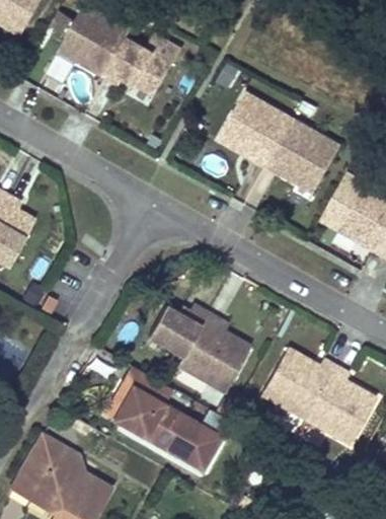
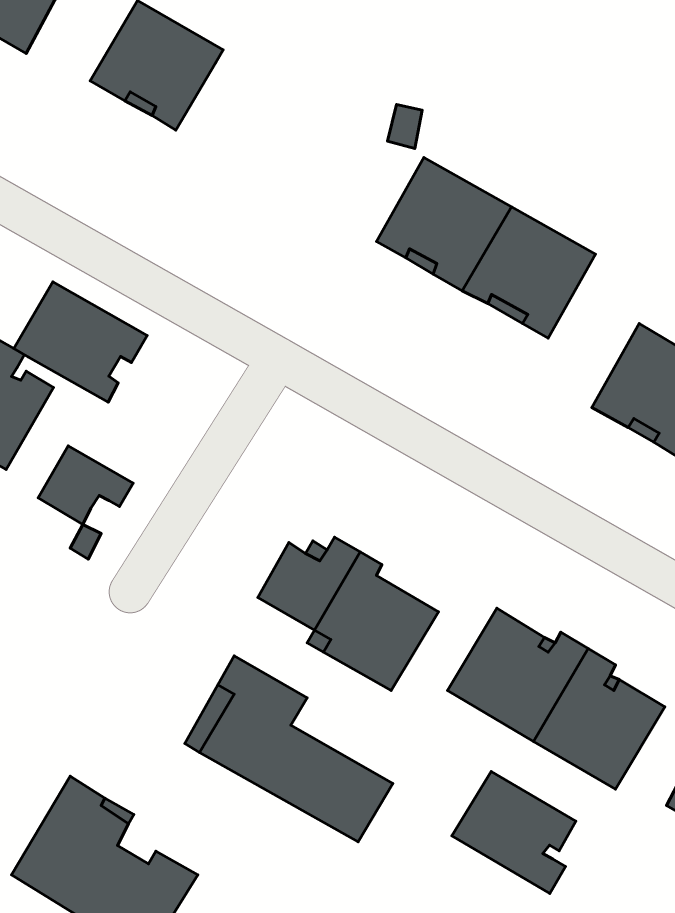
building: [102,39,168,94] -> none
building: none -> [14,282,147,402]
building: none -> [38,446,133,524]
building: none -> [452,771,576,893]

